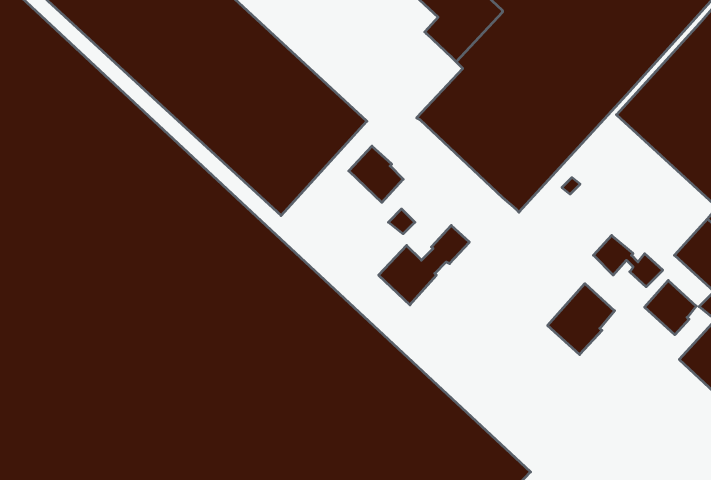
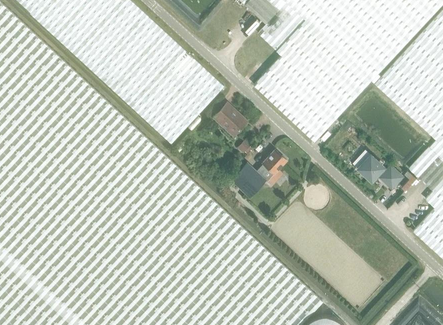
building: [645,280,696,335] -> none
building: [548,284,615,355] -> none

